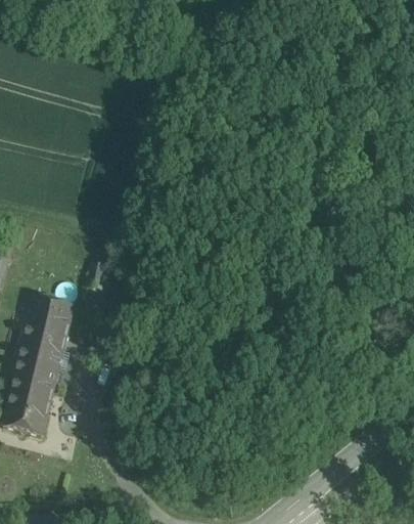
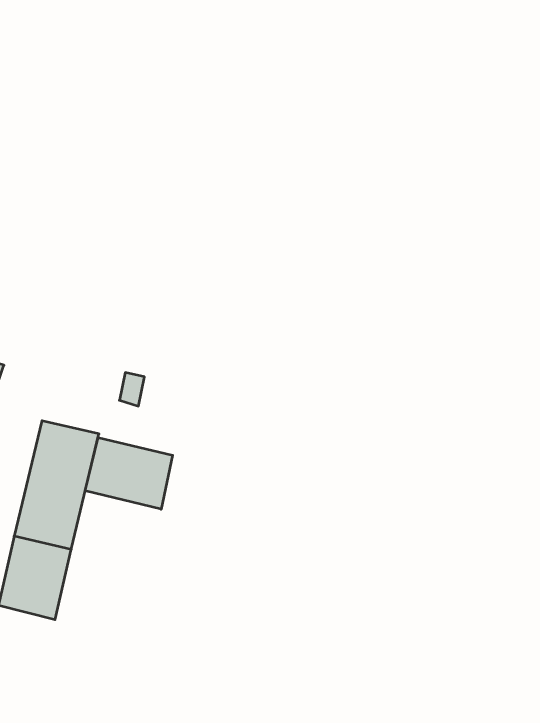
building: none -> [85,438,173,509]

